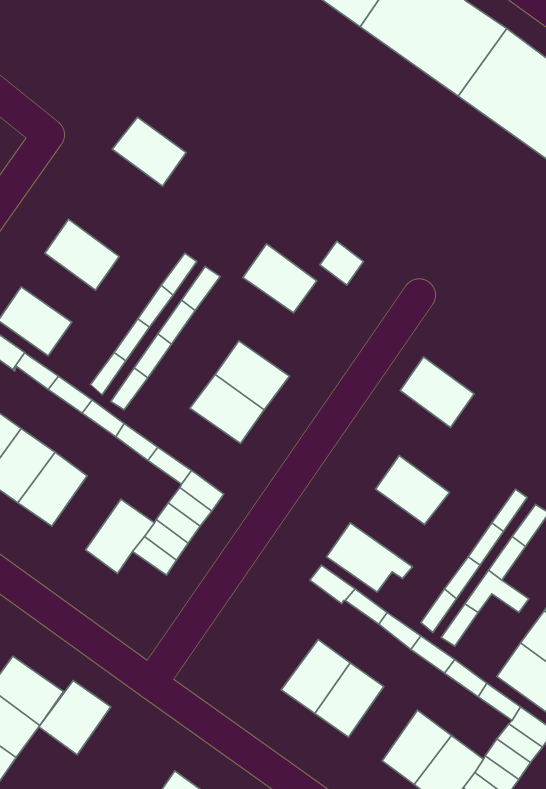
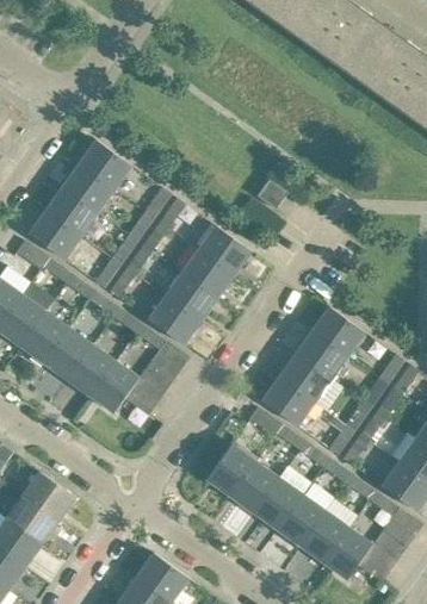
building: [112,117,186,186] -> [79,141,131,189]
building: [243,244,317,313] -> [199,225,252,274]
building: none -> [45,187,98,236]
building: [400,357,474,428] -> [312,306,365,356]
building: none -> [148,297,200,345]
building: none -> [67,344,116,397]
building: none -> [278,354,330,403]
building: none -> [206,443,255,496]
building: [39,681,111,755] -> none
building: none -> [277,493,326,546]

